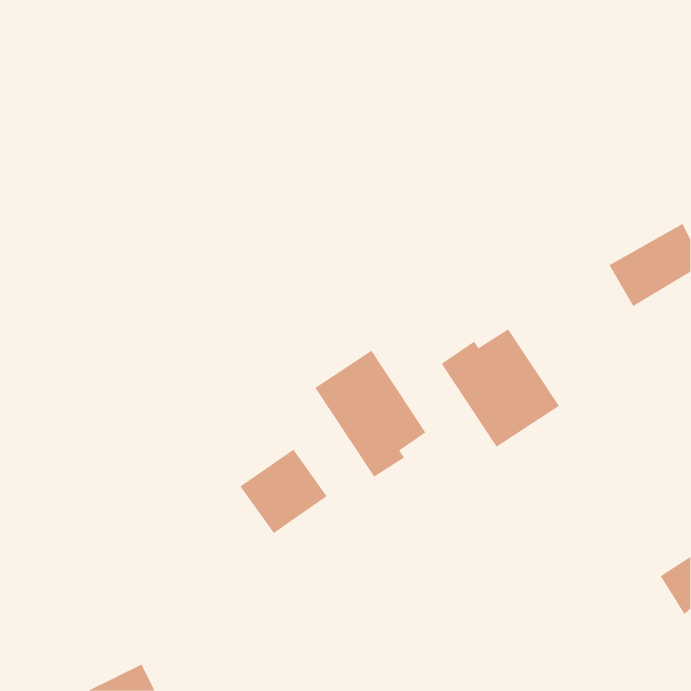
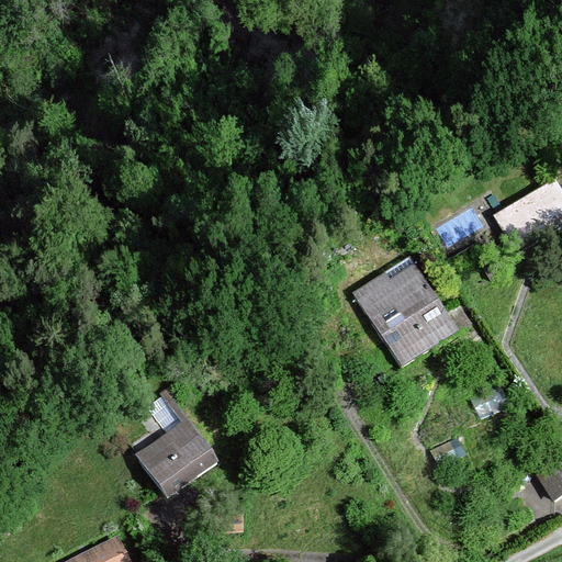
building: [315,350,426,478] -> none
building: [240,449,328,534] -> [142,423,213,492]

